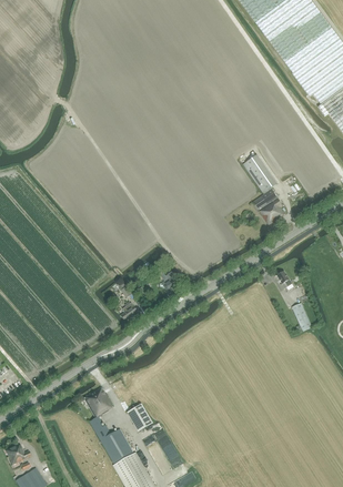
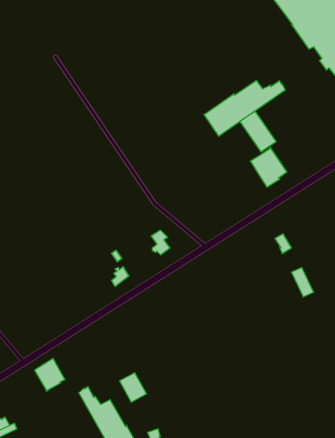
building: none -> [204,80,285,136]
building: [84,386,113,417] -> [35,359,65,391]

